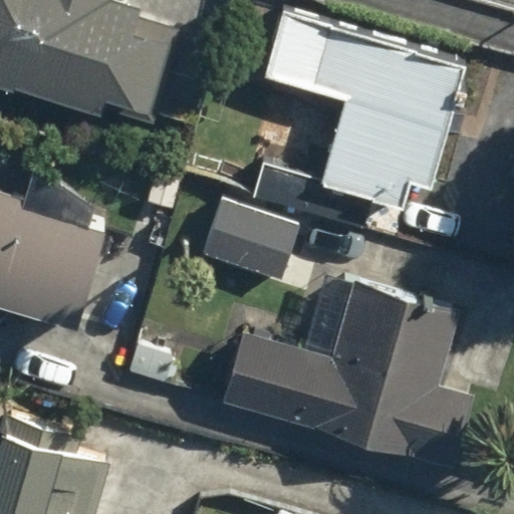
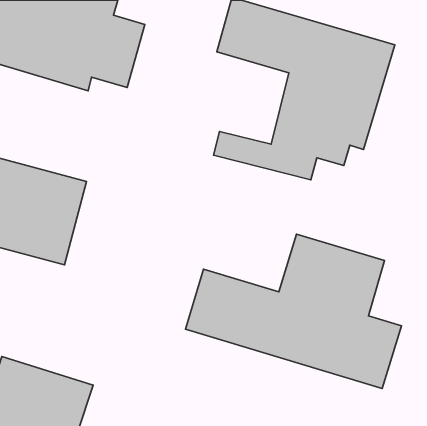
building: [203,195,307,288] -> none

